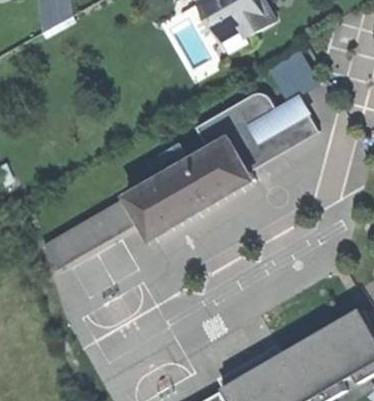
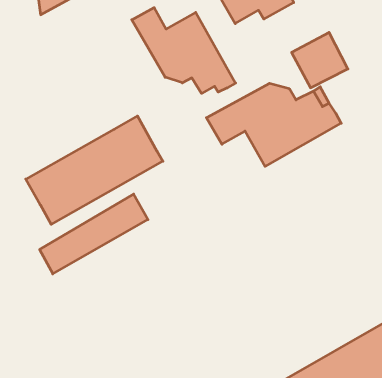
building: none -> [132,8,236,93]
building: [128,138,253,237] -> [26,116,163,224]

